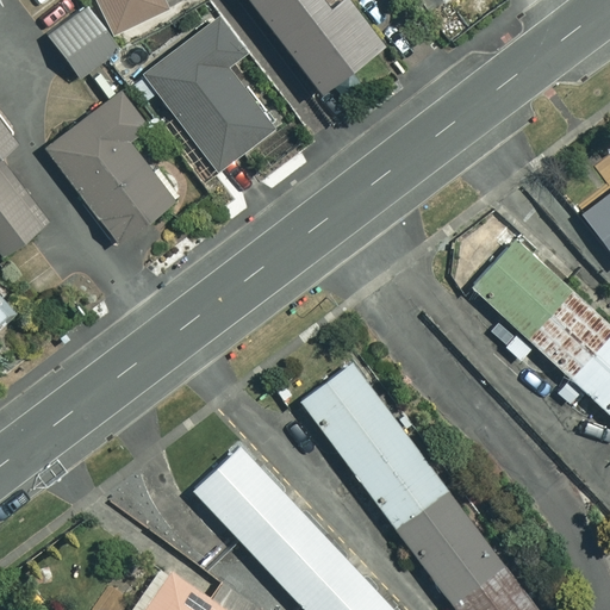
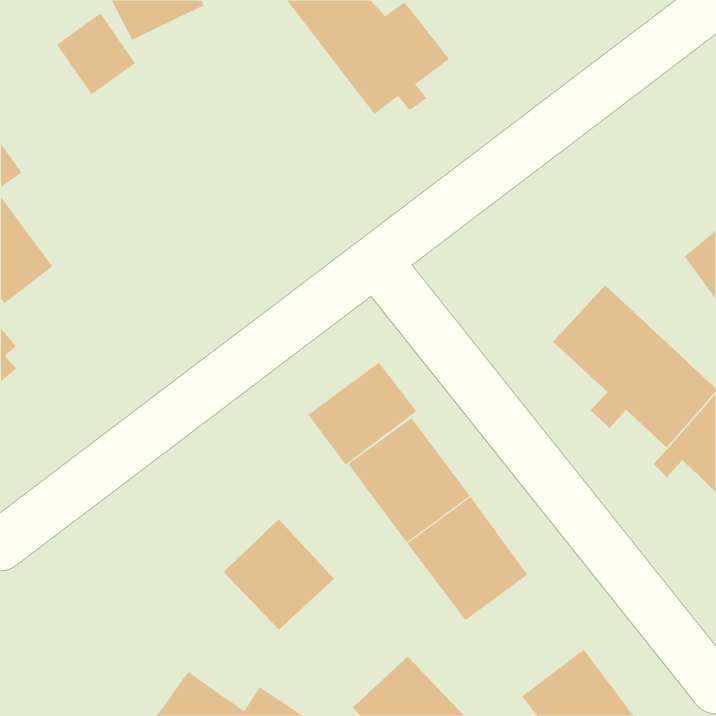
building: [143,19,287,174] -> none
building: [45,70,173,247] -> none
building: none -> [308,362,417,465]
building: [396,488,497,592] -> none
building: [237,492,347,602] -> none

